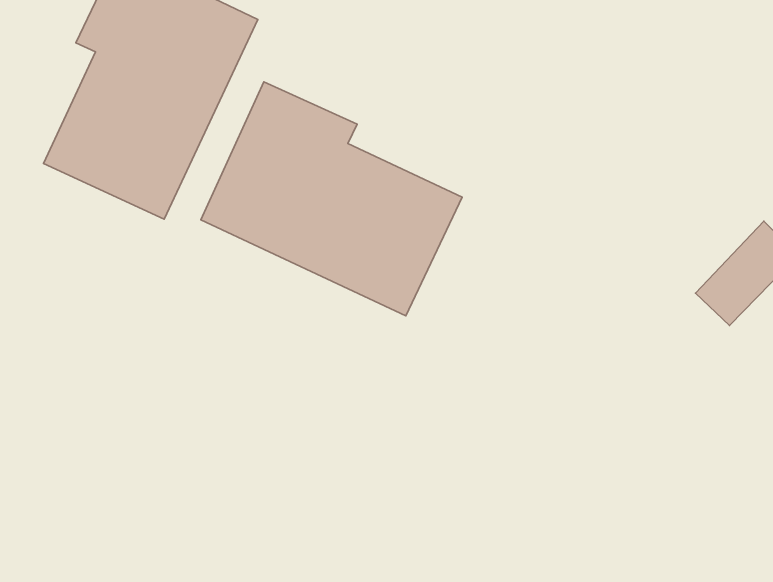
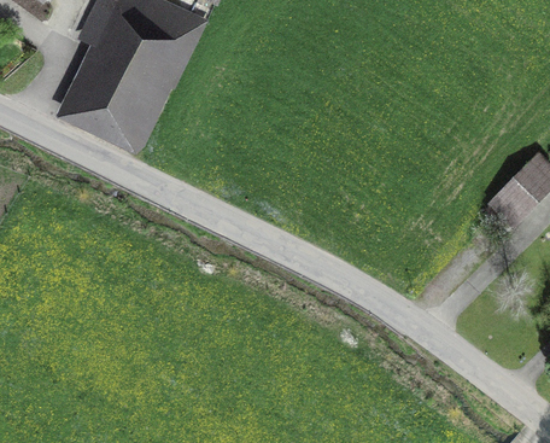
building: [201,82,462,316] -> none

